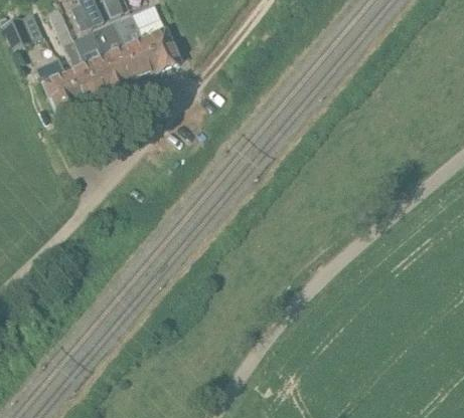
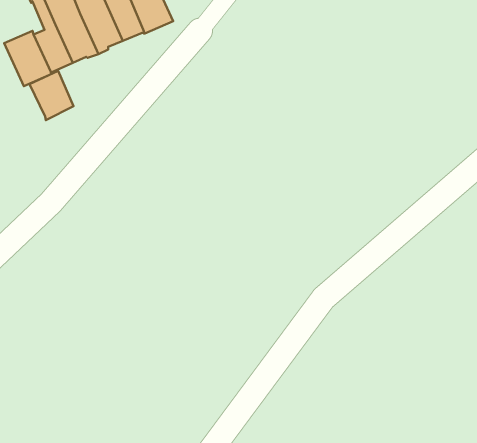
building: none -> [30,71,74,120]

